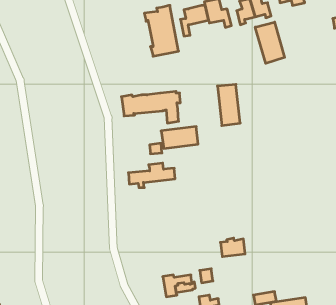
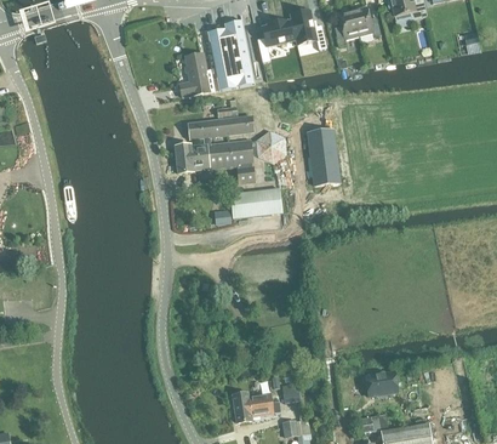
building: [255,22,285,63] -> none
building: none -> [178,51,213,95]
building: none -> [255,131,284,163]
building: [128,163,175,188] -> [188,109,252,143]
building: [220,238,245,257] -> [365,370,399,395]

